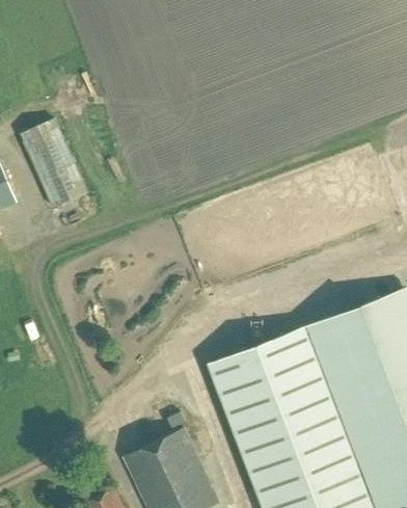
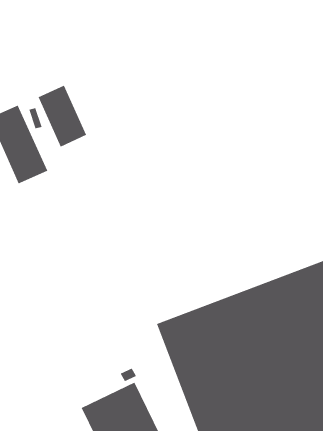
building: none -> [38,85,87,147]

